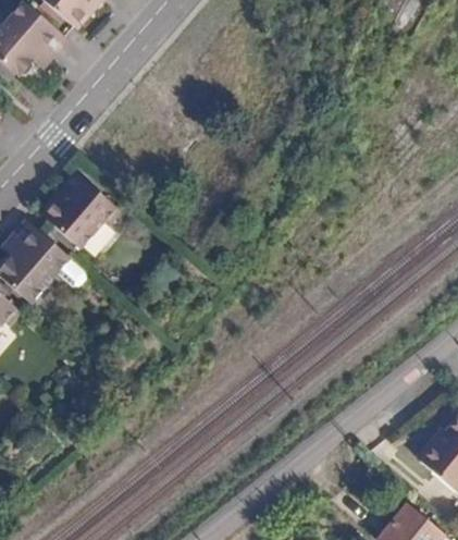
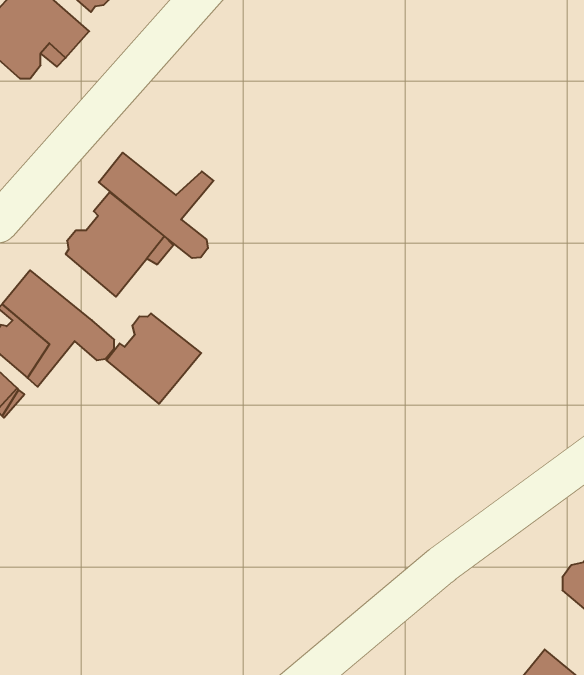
building: none -> [99,153,214,258]
building: none -> [106,313,201,404]

